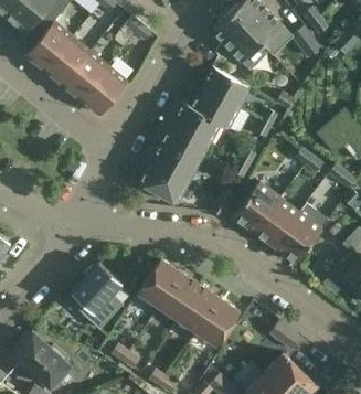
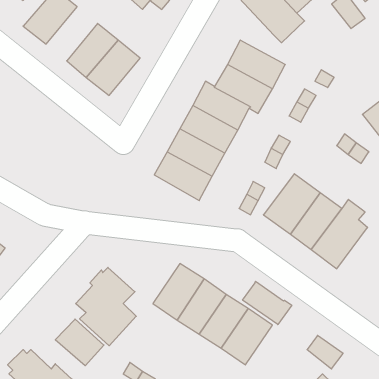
building: [45,39,89,85] -> none
building: none -> [243,281,292,325]
building: none -> [55,319,104,366]

